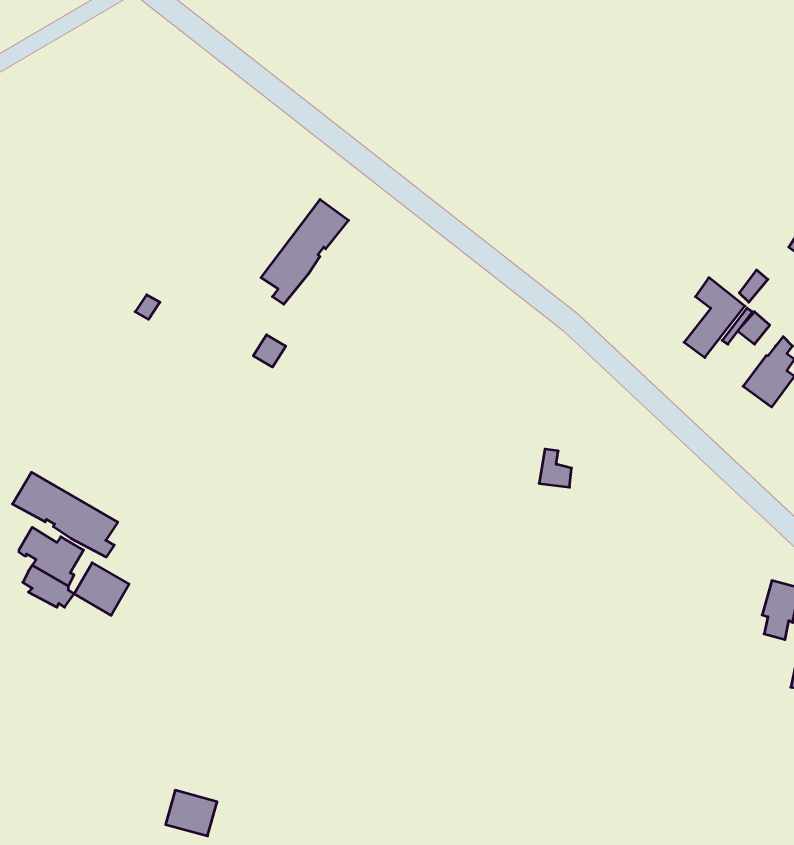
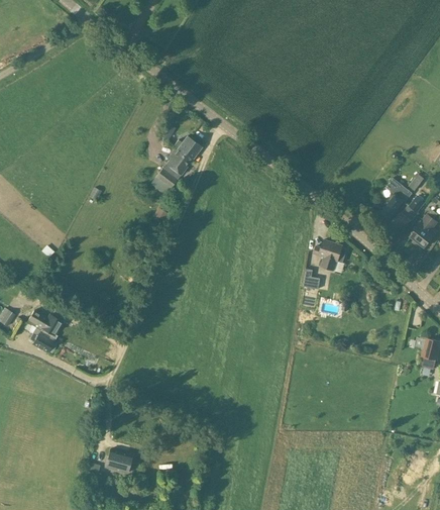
building: none -> [314,238,344,270]
building: [12,472,118,557] -> none
building: [74,563,129,615] -> none

